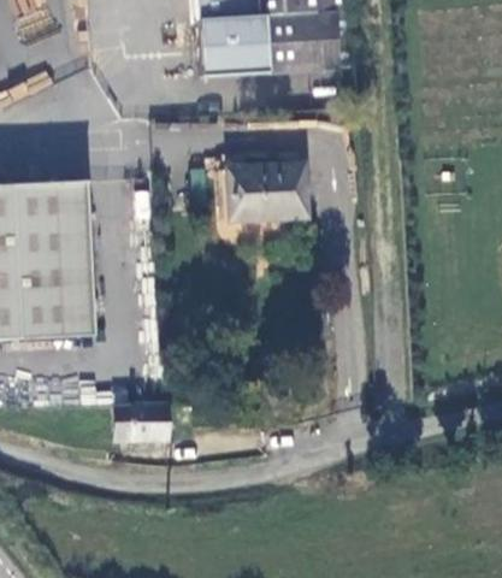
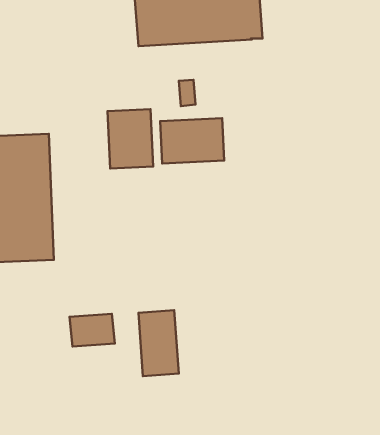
building: none -> [107,109,153,168]
building: none -> [138,310,179,376]

